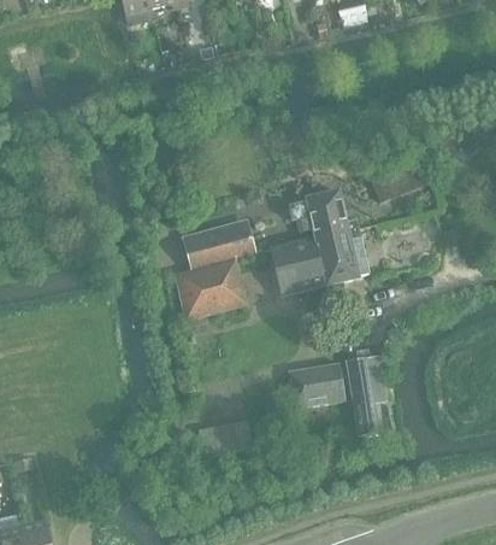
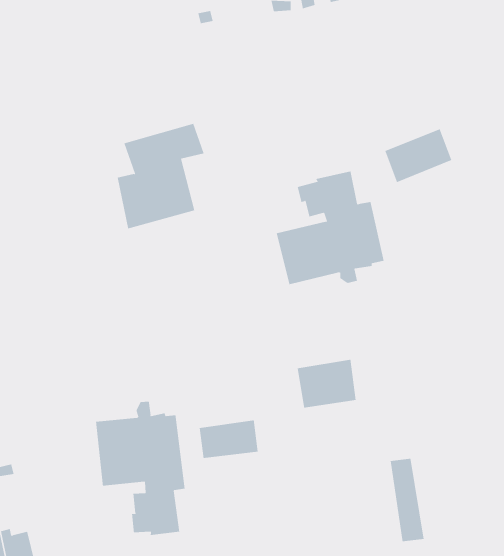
building: [176,223,255,320] -> [117,123,204,229]
building: [347,358,378,434] -> [390,458,424,542]
building: none -> [96,401,185,536]

